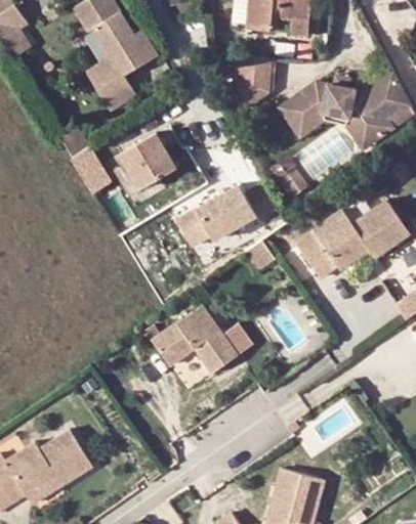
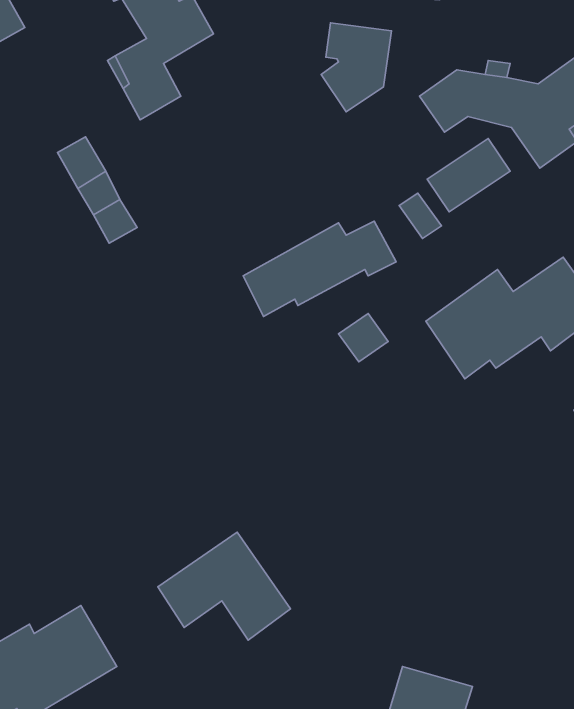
building: [279,97,371,148] -> none
building: [122,127,176,182] -> none
building: [154,308,241,379] -> [158,532,290,640]

